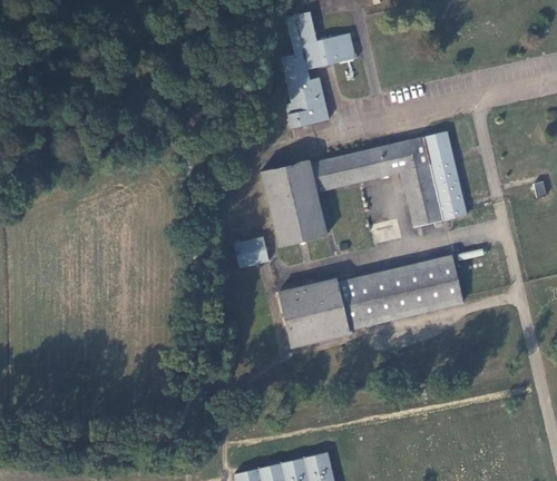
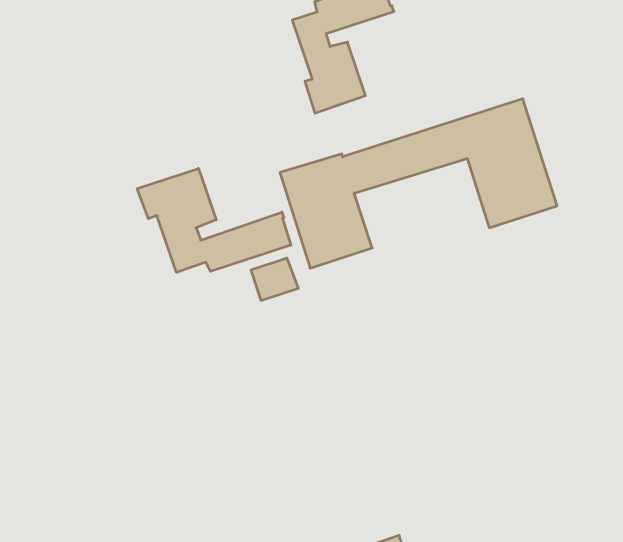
building: none -> [137,168,291,272]
building: [281,256,462,346] -> none

